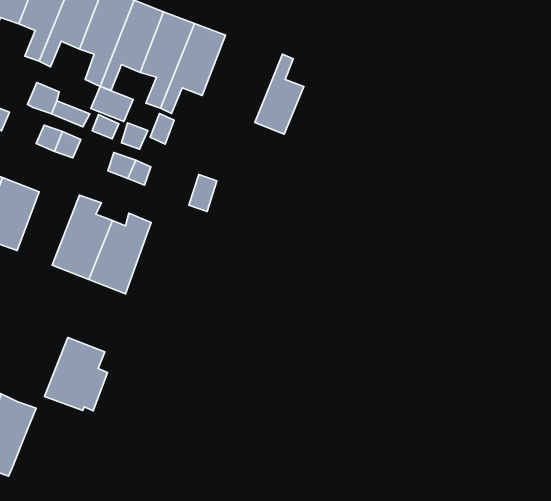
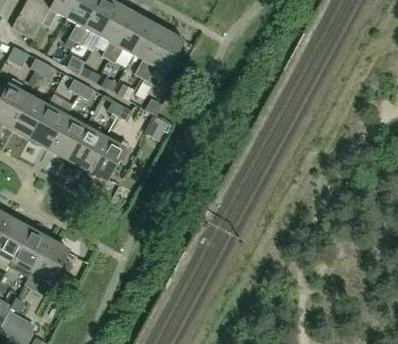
building: [255,54,304,134] -> none
building: none -> [49,115,89,159]
building: [44,338,107,411] -> [30,240,68,284]

